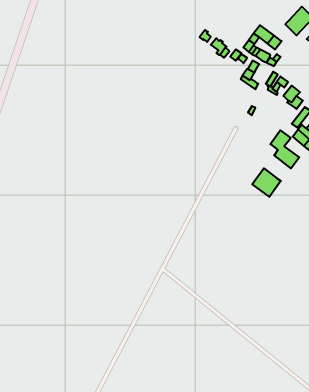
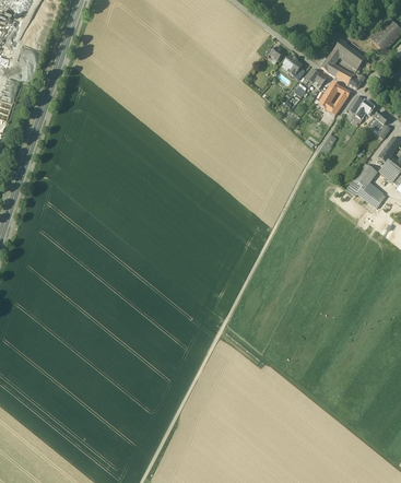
building: [252,168,281,197] -> none

